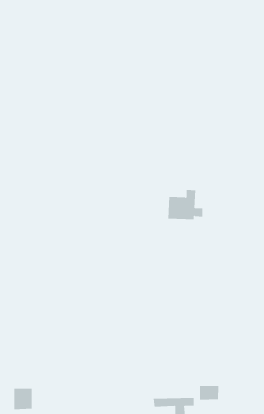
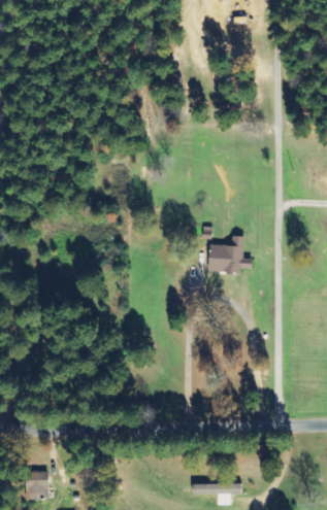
building: [199,385,219,400] -> none

